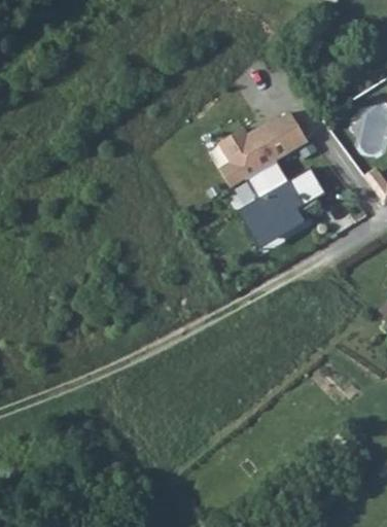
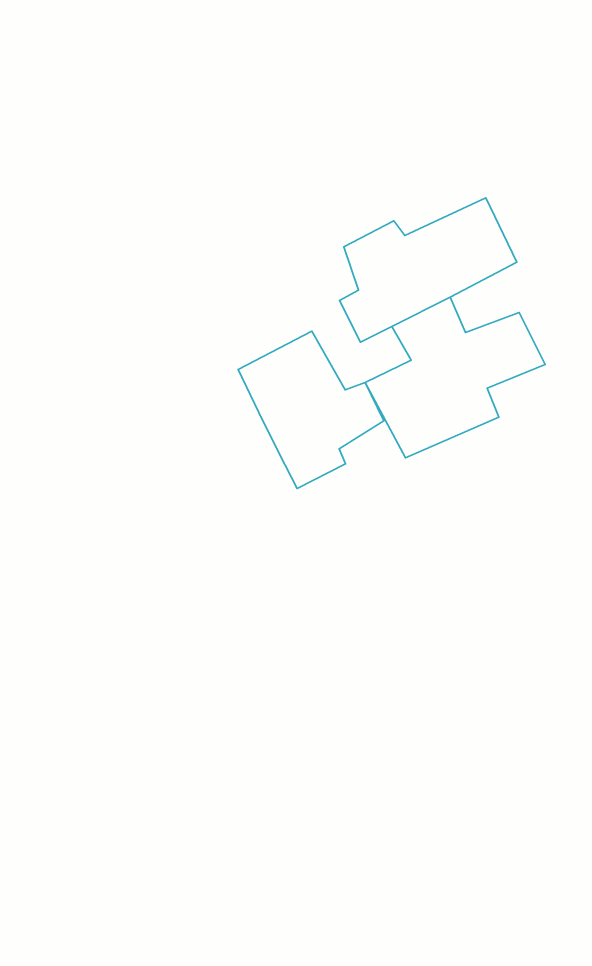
building: none -> [238,331,384,488]

